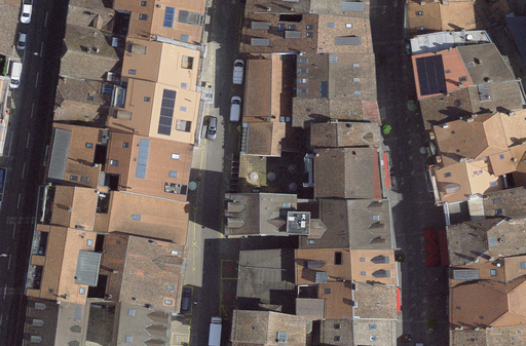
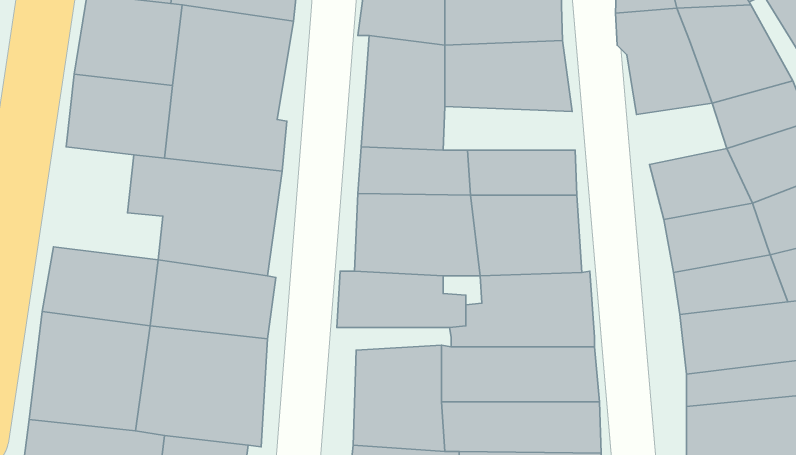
building: [418,94,476,133] -> none
building: [295,97,379,124] -> none
building: [46,122,116,194] -> none

